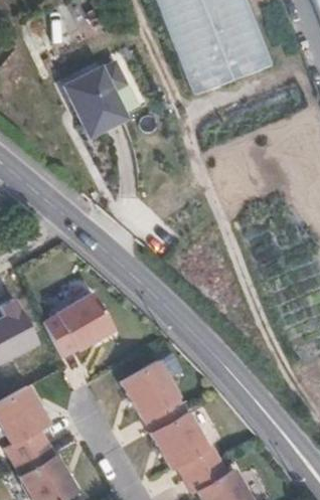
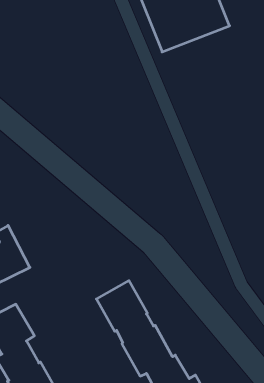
building: [61,56,127,130] -> none
building: [44,292,114,357] -> none

